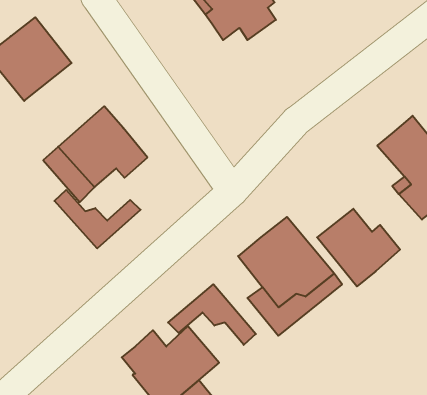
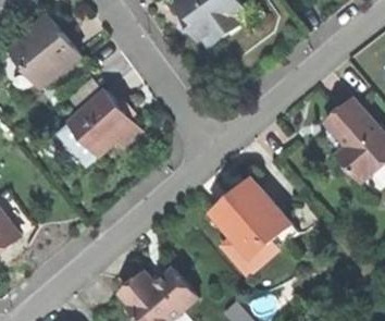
building: [54,190,141,248] -> none
building: [317,209,400,286] -> none
building: [168,284,256,345] -> none

